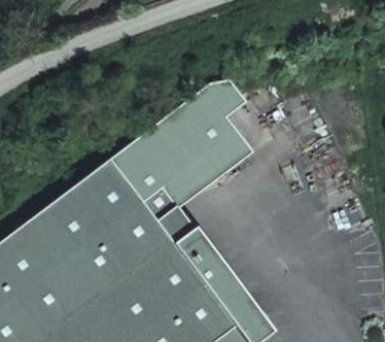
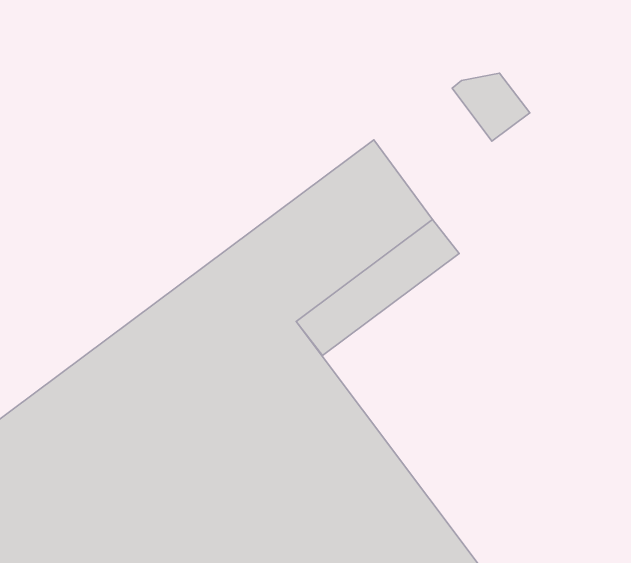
building: [205,79,247,116] -> [452,73,530,141]

